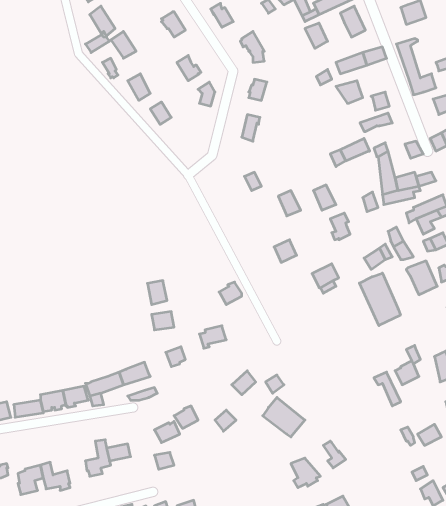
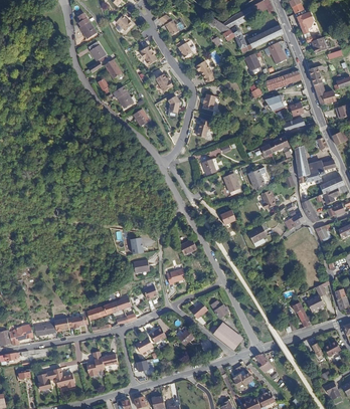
building: [359,273,400,326] -> none

